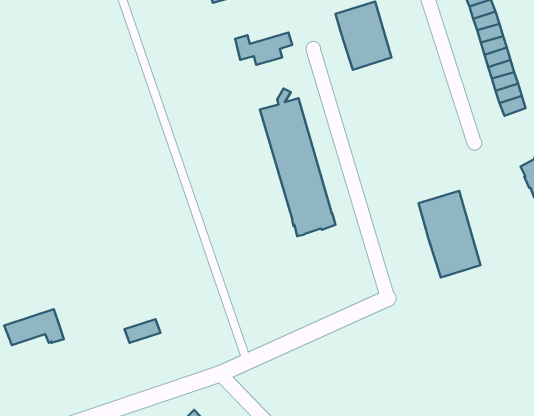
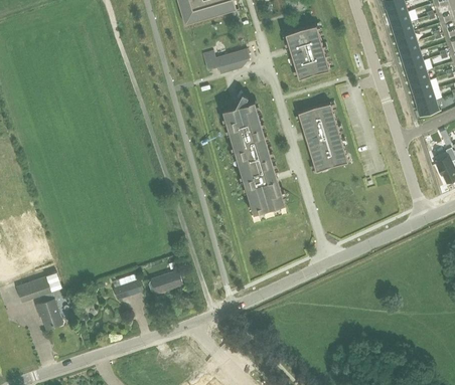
building: [418,191,480,278] -> [298,103,348,173]
building: none -> [151,271,183,295]
building: none -> [37,300,62,330]

